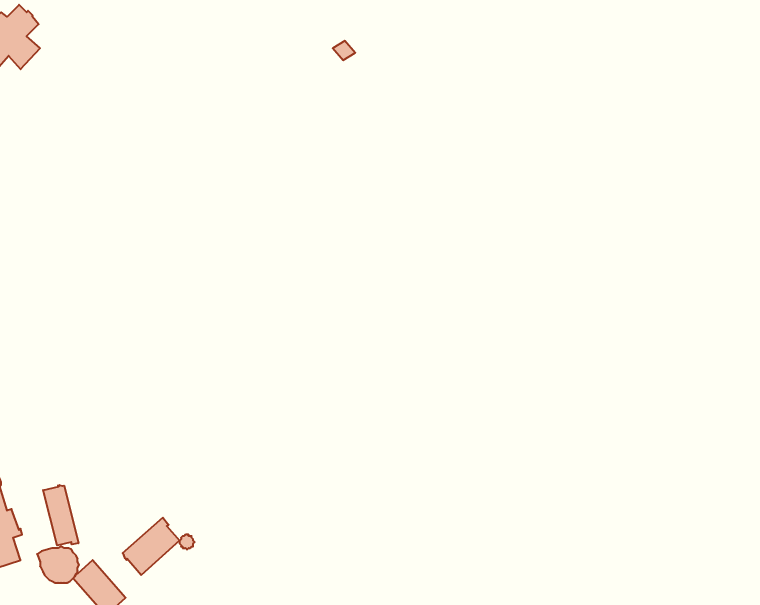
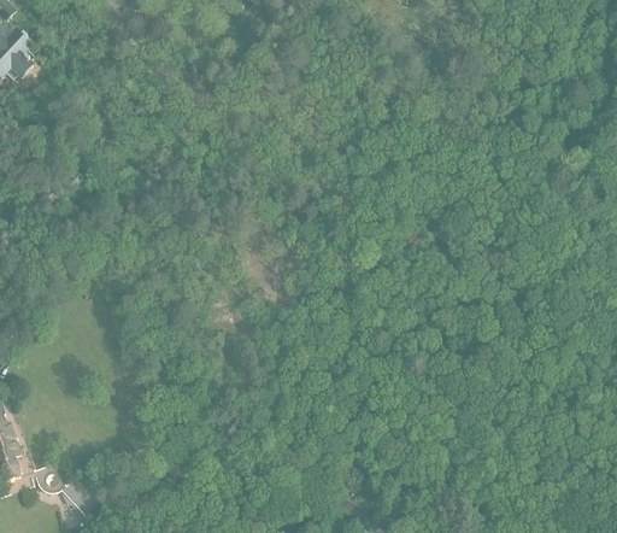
building: [43,485,78,545] -> none
building: [123,518,180,575] -> none

